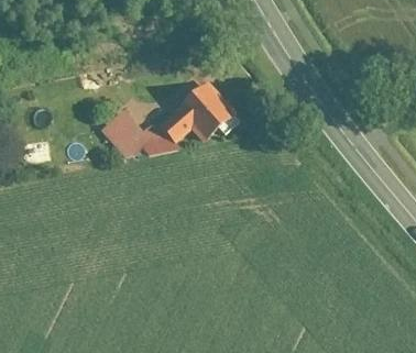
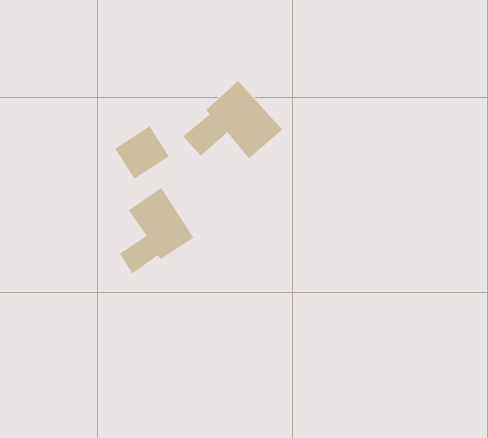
building: none -> [119,187,195,274]

